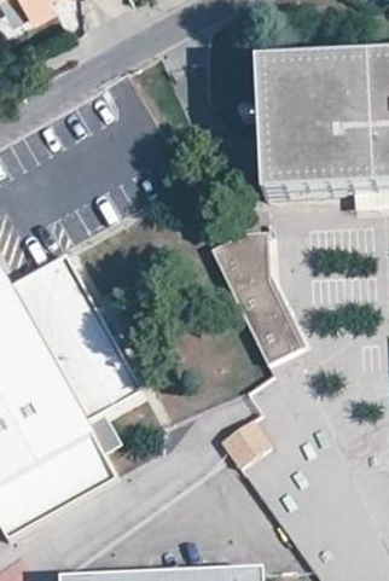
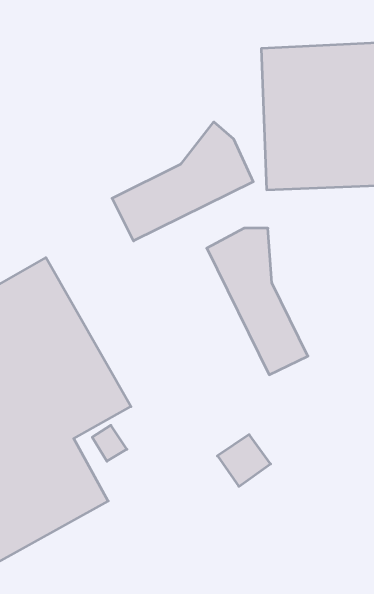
building: none -> [112,122,253,241]

